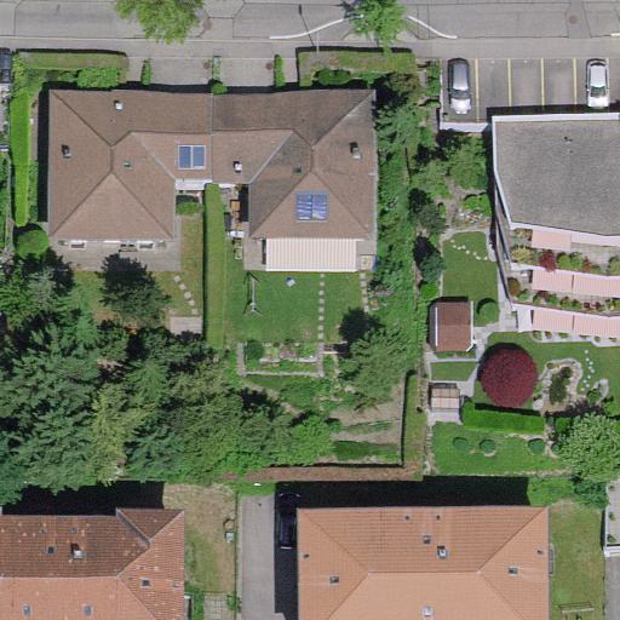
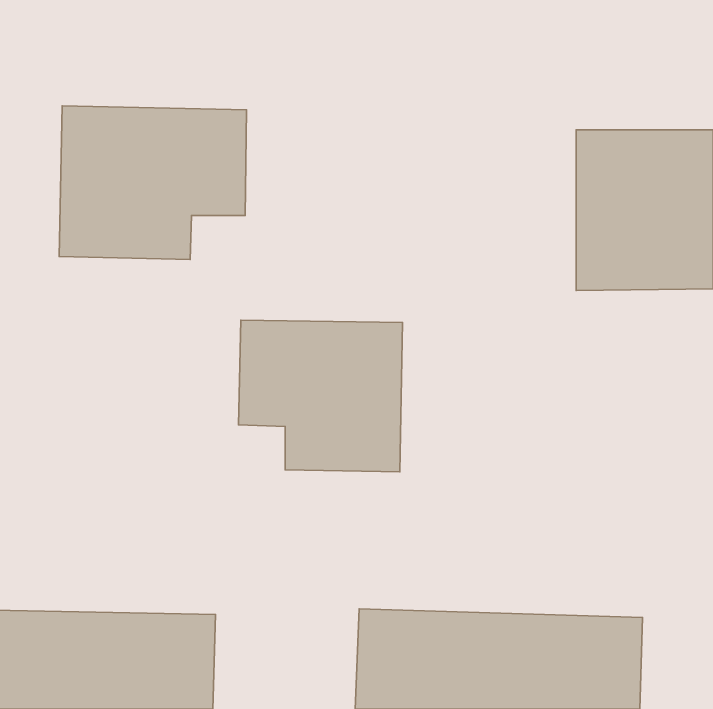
building: [211,94,372,243] -> none
building: none -> [238,320,403,472]

